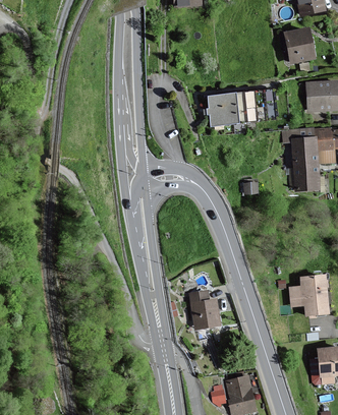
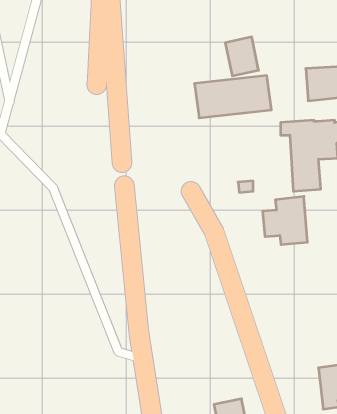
building: [284,27,314,62] -> [225,37,259,76]
building: [288,273,328,315] -> [263,196,307,245]
building: [190,289,221,329] -> none

